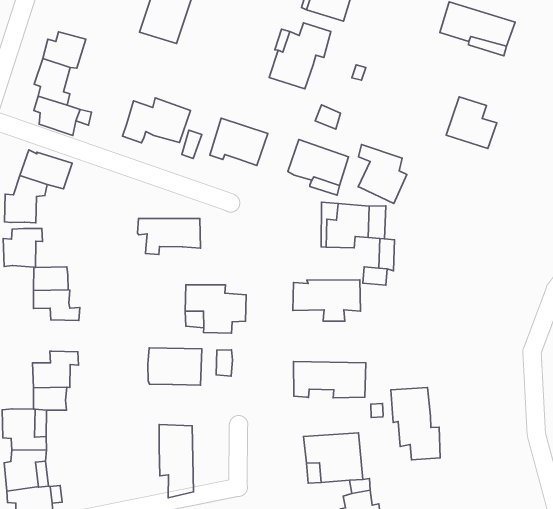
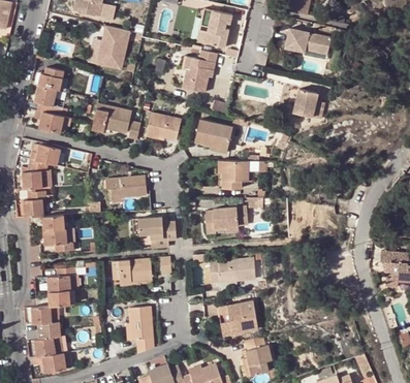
building: [358,144,407,203] -> none
building: [391,387,440,460] -> none

